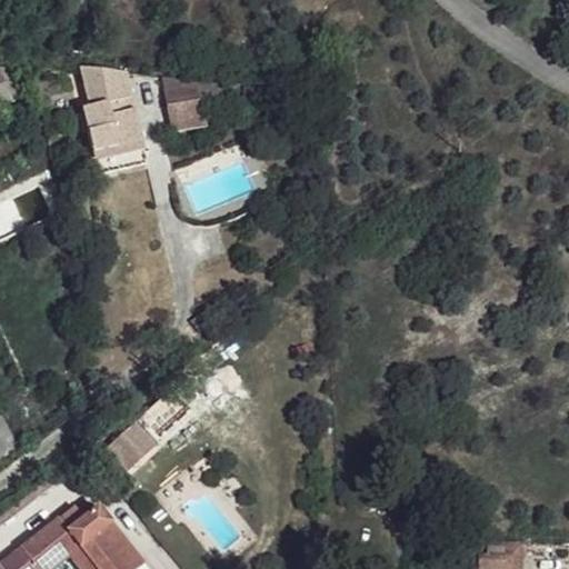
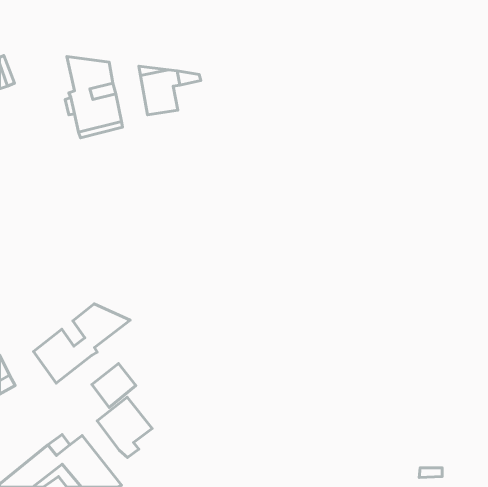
building: none -> [33,304,130,383]
building: none -> [97,397,152,457]

